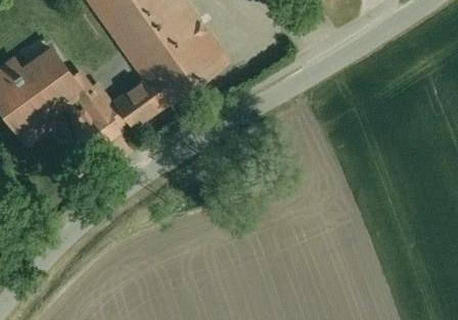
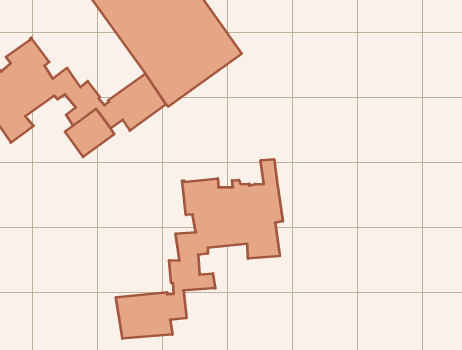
building: none -> [116,159,283,339]

